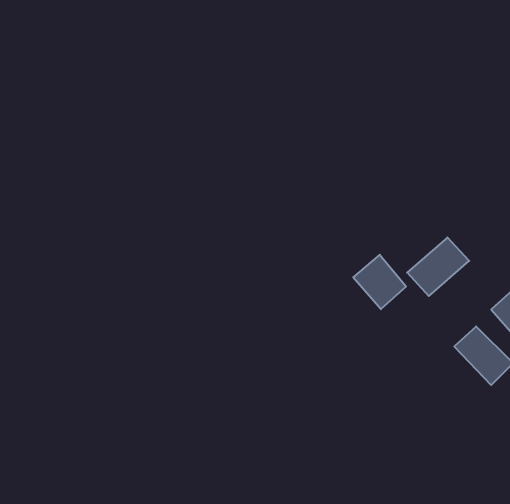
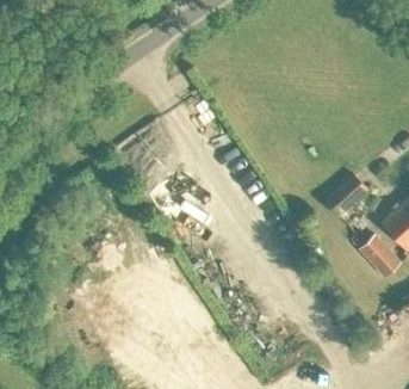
building: [353,255,406,309] -> none

